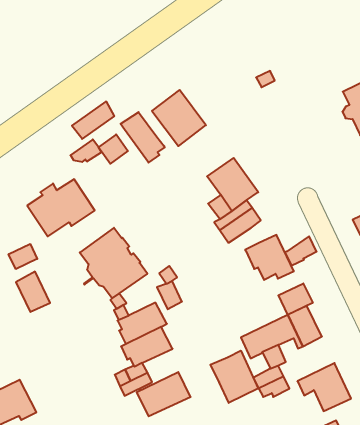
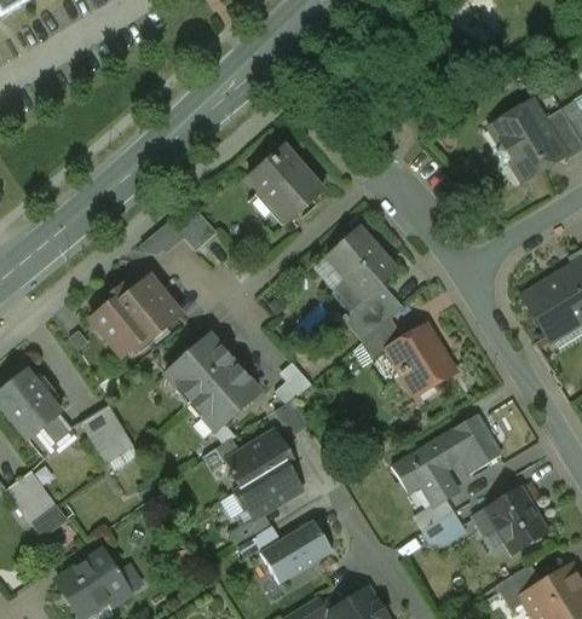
building: [72,101,114,139] -> none
building: [121,112,165,163] -> none
building: [285,236,317,265] -> [361,318,403,359]
building: [9,244,37,269] -> none
building: [278,283,313,315] -> none
building: [210,351,258,403] -> none

